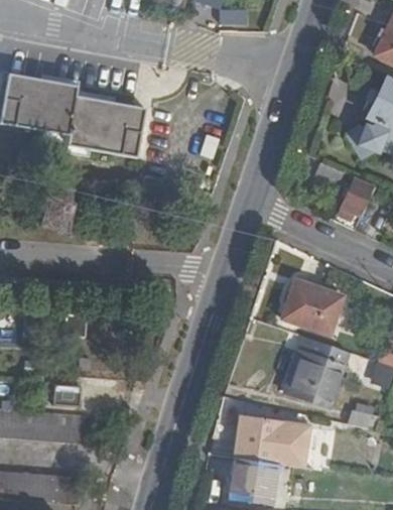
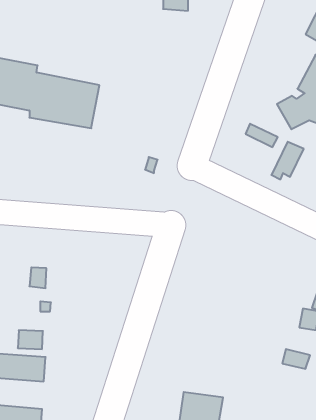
building: [283,281,345,334] -> none
building: [287,336,350,405] -> none
building: [237,408,310,466] -> none

